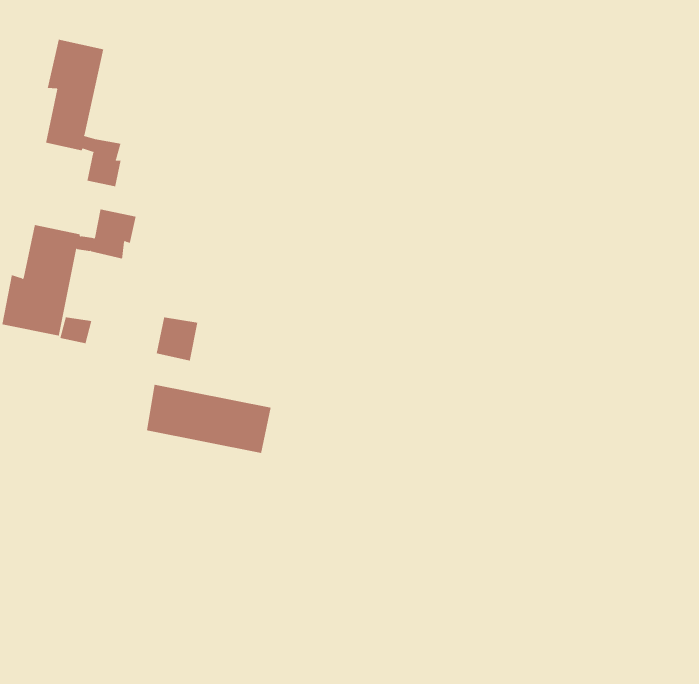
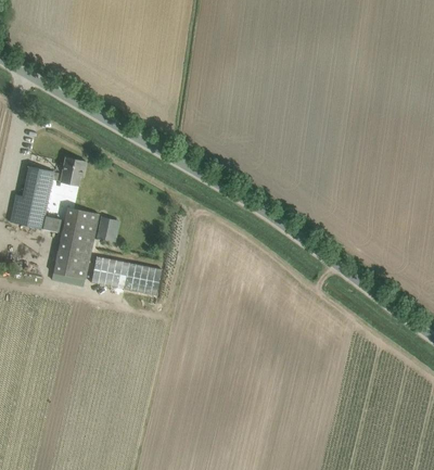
building: [46,39,121,187] -> none
building: none -> [53,207,99,280]

